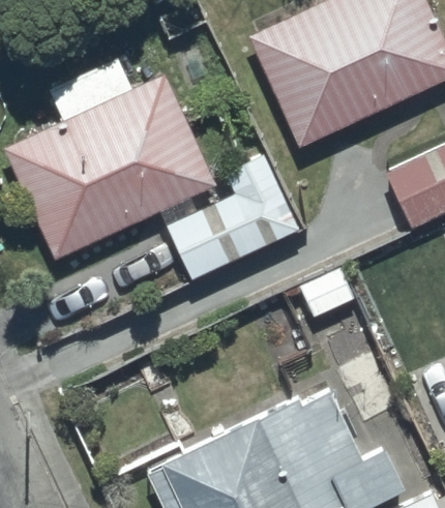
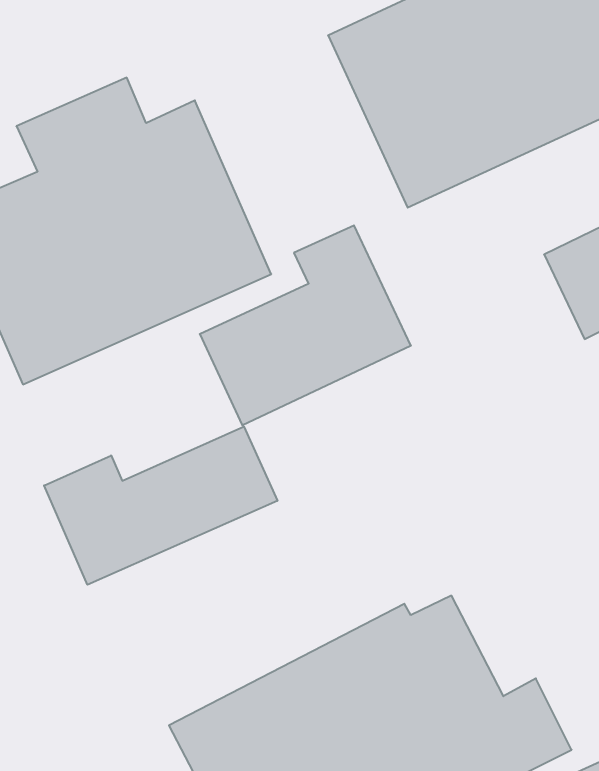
building: none -> [44,426,277,585]

